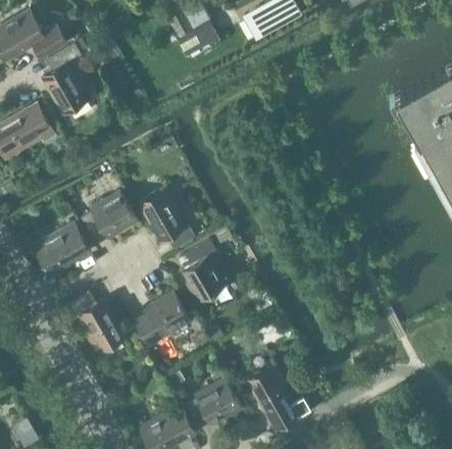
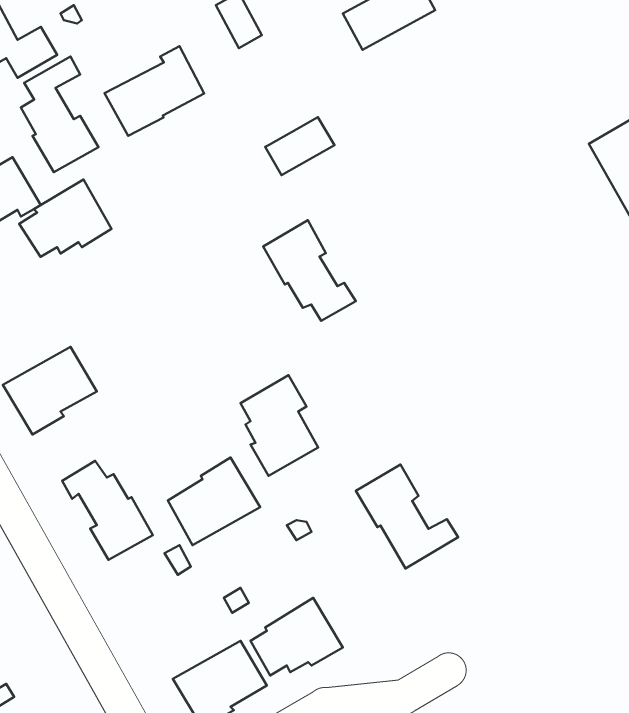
building: [177,20,219,56] -> [265,117,334,175]
building: none -> [104,46,204,136]
building: [139,187,196,249] -> [263,220,356,321]
building: [81,191,138,239] -> [19,179,112,257]
building: [247,364,310,429] -> [356,465,458,569]

